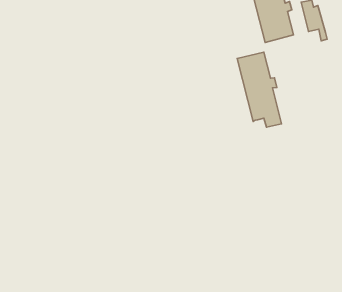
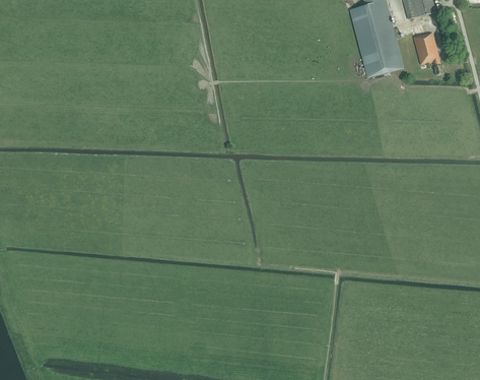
building: [237,52,281,127] -> none

